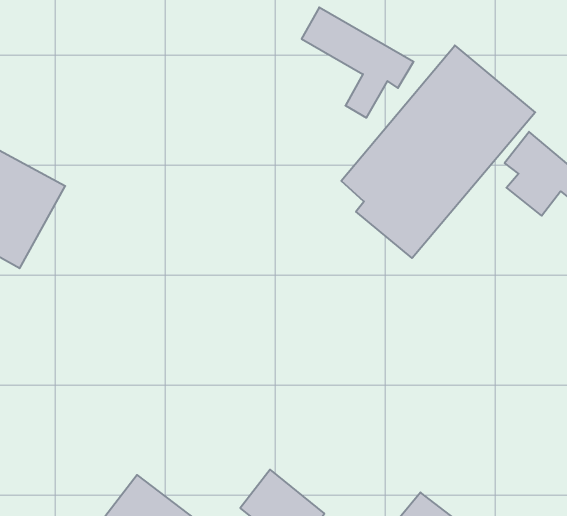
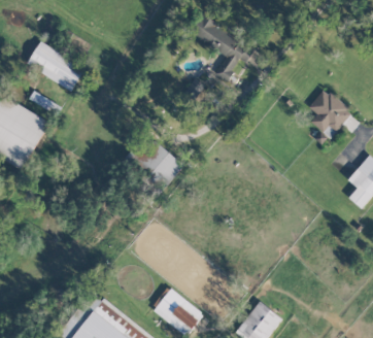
building: [341,45,535,258] -> none
building: none -> [26,41,82,90]
building: none -> [138,142,183,193]

